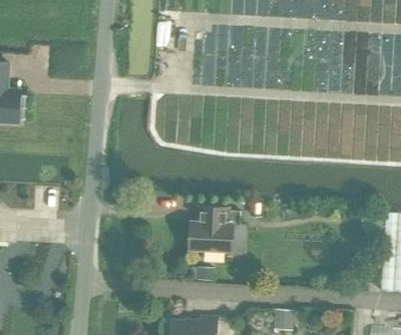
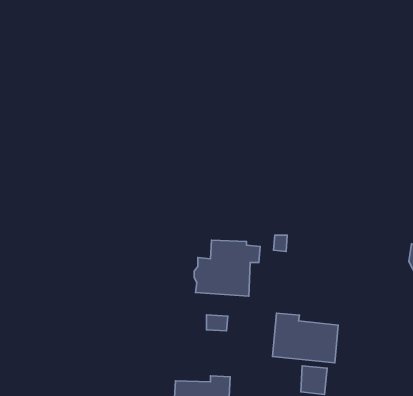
building: none -> [272,313,338,363]

